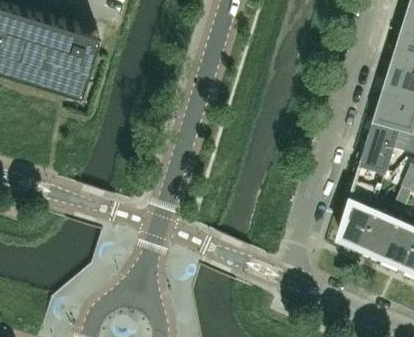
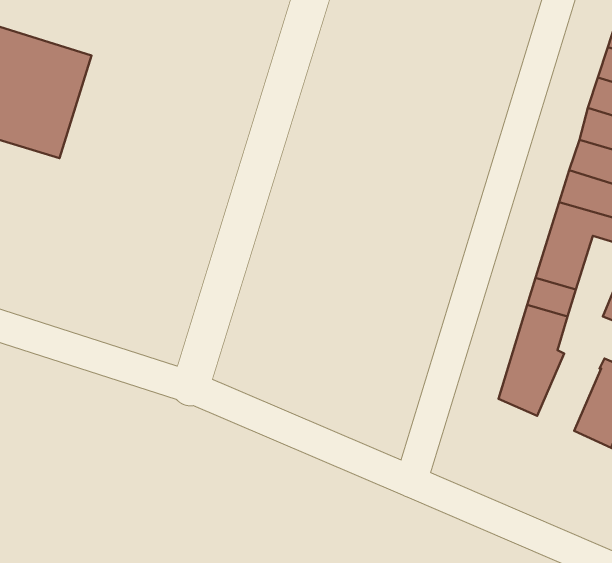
building: [363,212,401,258] -> none

